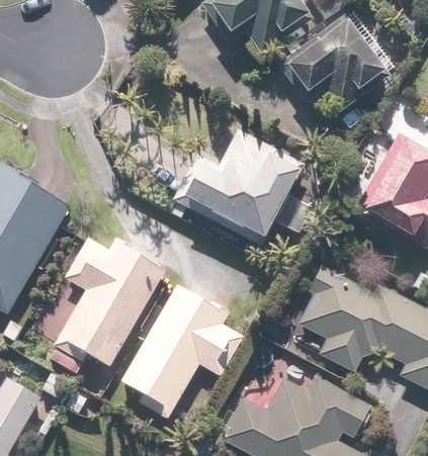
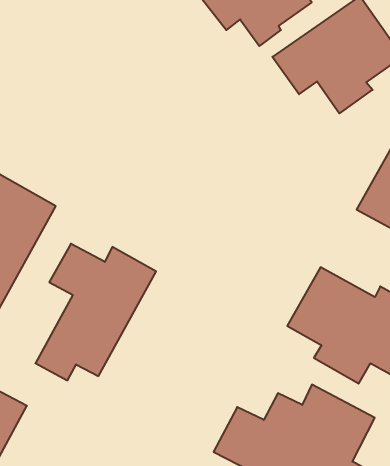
building: [176,127,305,248] -> none
building: [119,283,246,420] -> none

